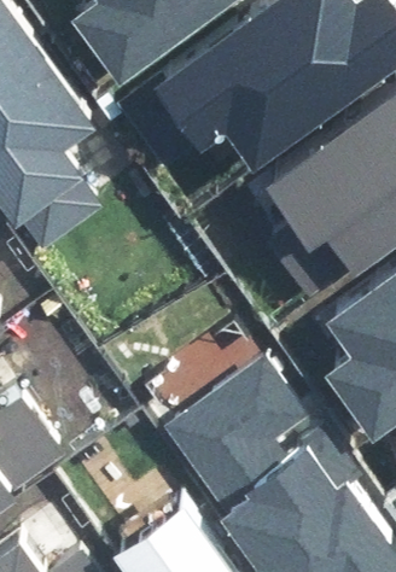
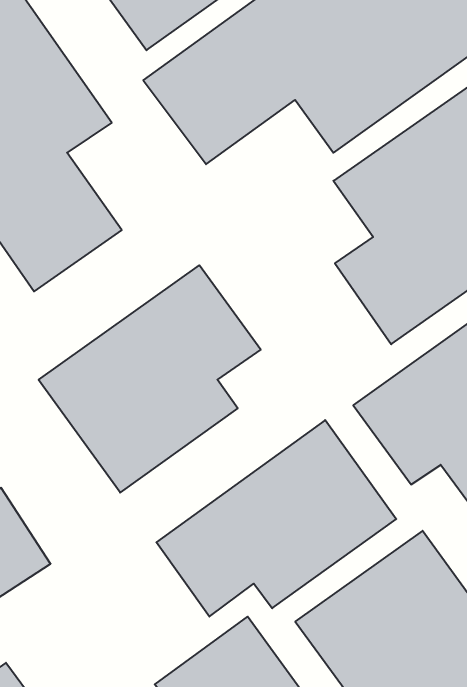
building: none -> [39,265,261,493]

